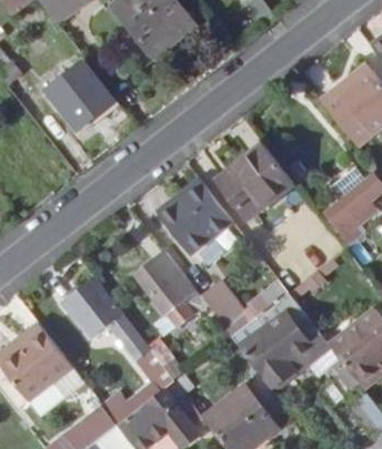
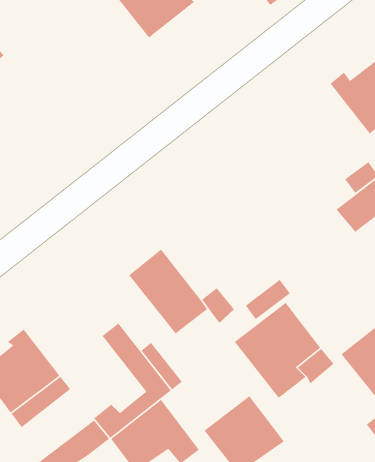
building: [47,60,115,129] -> none
building: [218,143,294,218] -> none
building: [157,183,231,253] -> none
building: [62,278,120,336] -> none

